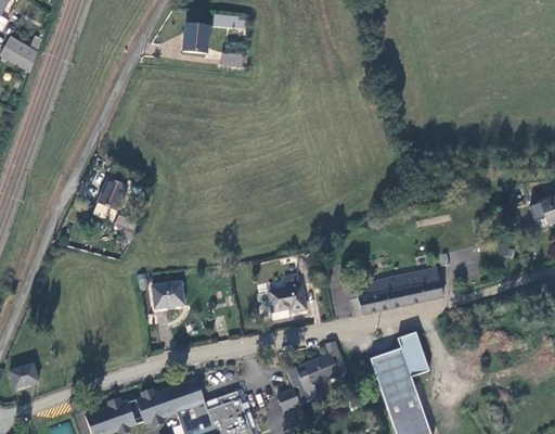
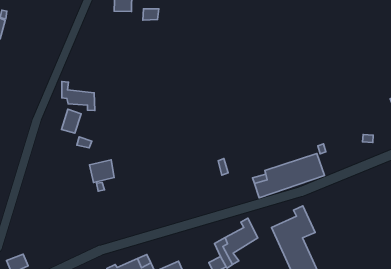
building: none -> [62,81,95,111]
building: [270,273,307,309] -> none
building: [153,280,184,308] -> [90,160,114,183]

